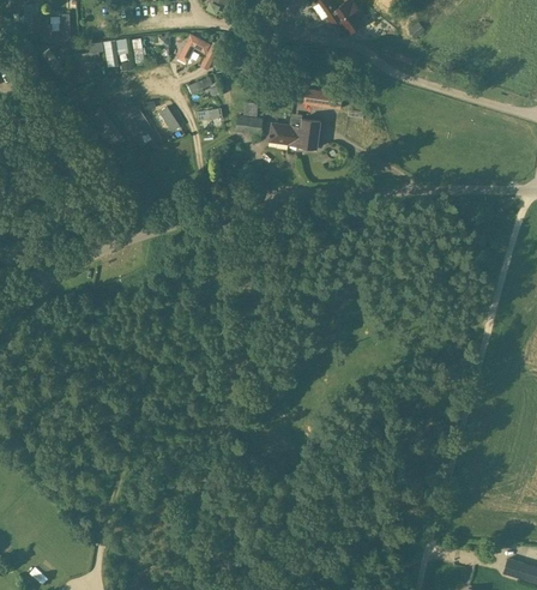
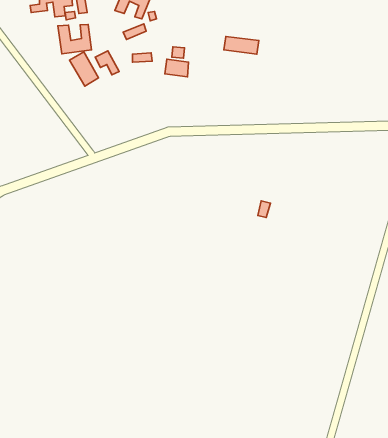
building: none -> [58,25,91,54]
building: [268,113,319,149] -> none

